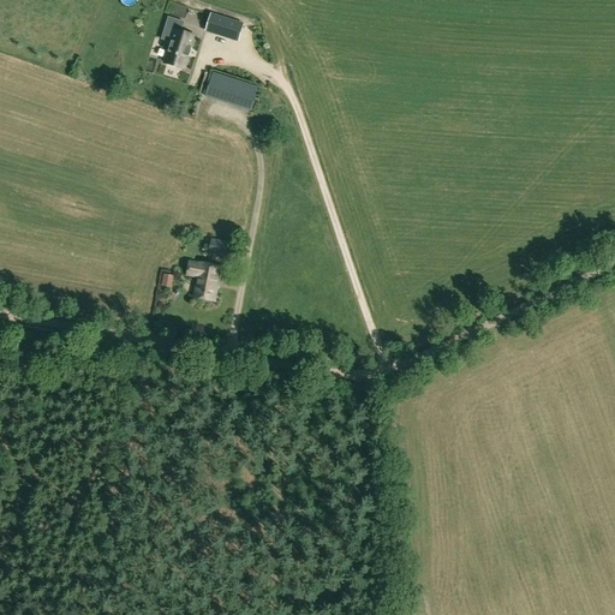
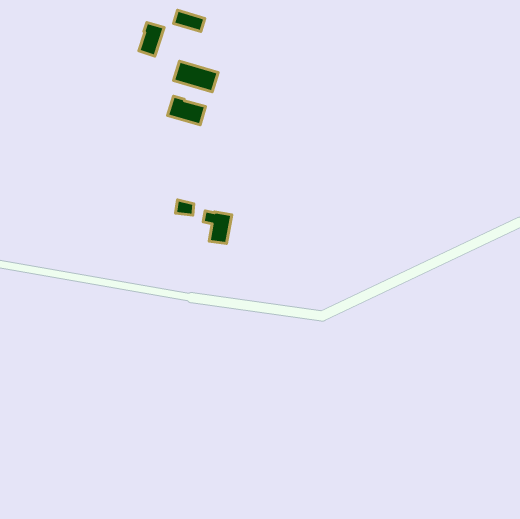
building: none -> [168,96,206,125]
building: [185,259,219,298] -> [203,211,232,243]

